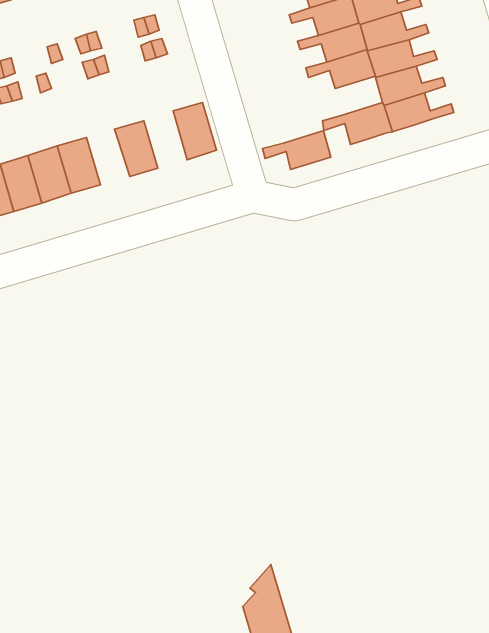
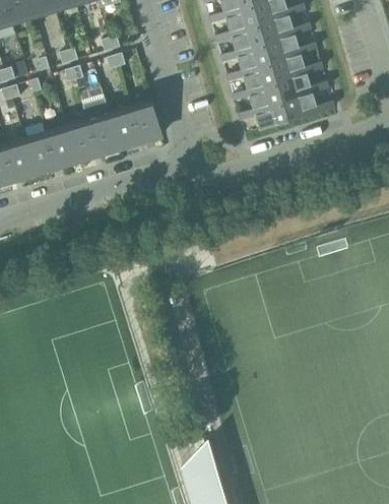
building: none -> [109,106,140,147]
building: none -> [67,119,99,160]
building: [262,131,331,170] -> [233,80,282,109]

